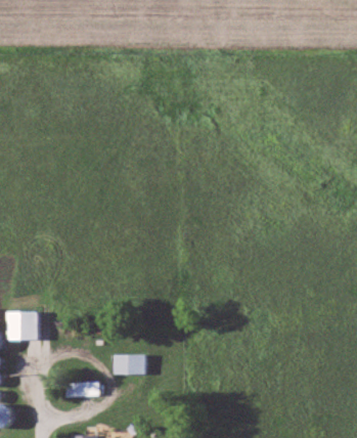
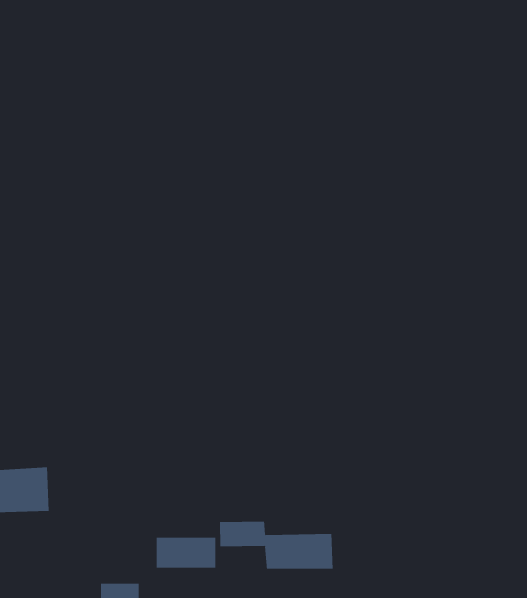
building: none -> [219,521,333,570]

